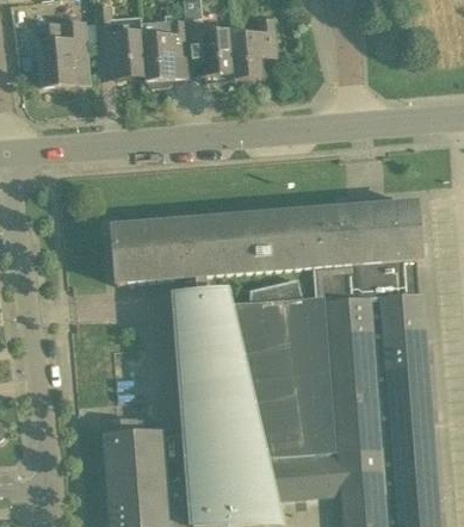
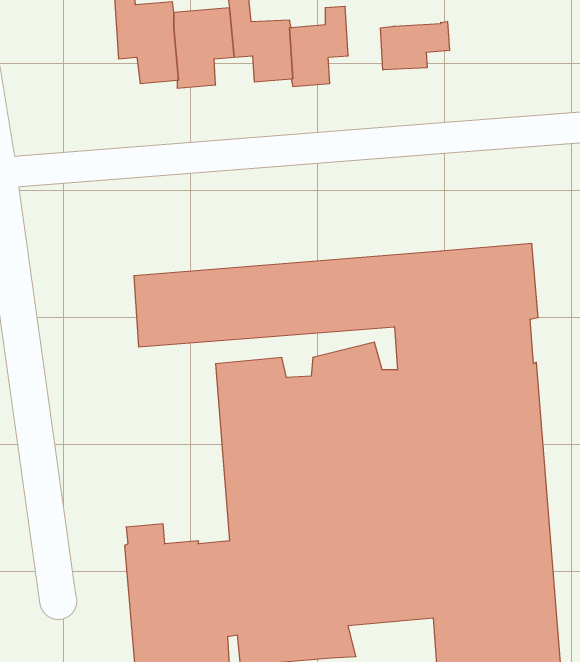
building: [37,23,80,82] -> none
building: none -> [380,21,449,70]

